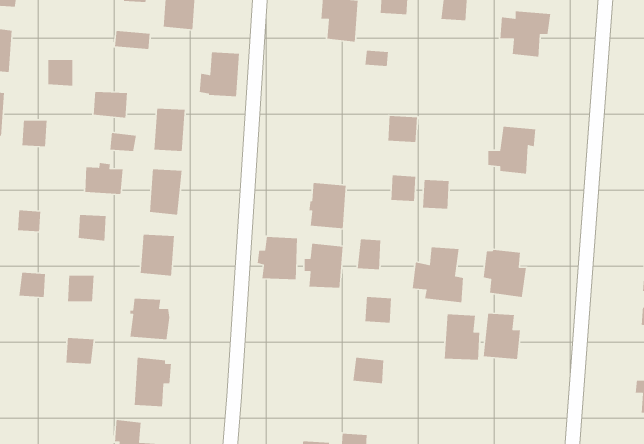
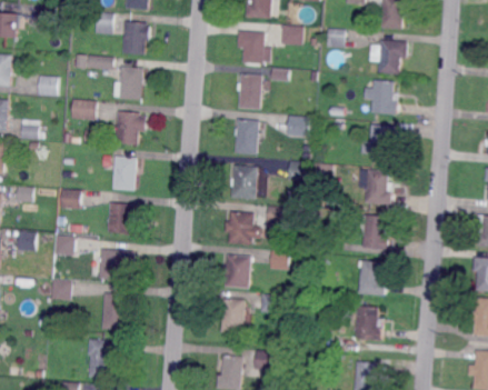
building: [199,52,240,97] -> [111,67,141,100]
building: none -> [237,73,262,109]
building: none -> [370,80,398,114]
building: none -> [235,118,259,154]
building: [85,162,123,195] -> none
building: none -> [358,170,391,206]
building: [257,236,298,280] -> [220,256,250,288]
building: [412,246,464,303] -> none
building: [444,313,480,361] -> [355,306,381,340]
building: none -> [221,299,245,333]

